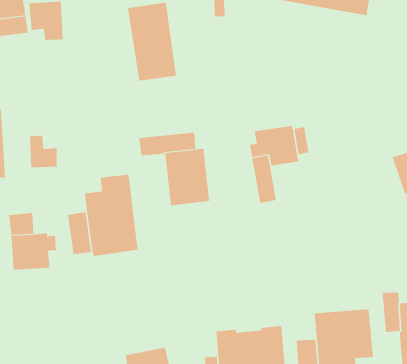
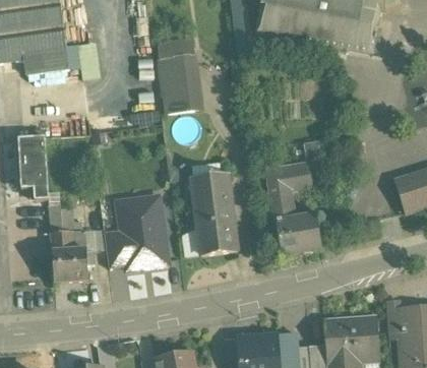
building: [29,135,58,168] -> [49,193,74,223]
building: none -> [277,214,321,255]
building: none -> [196,220,235,253]

